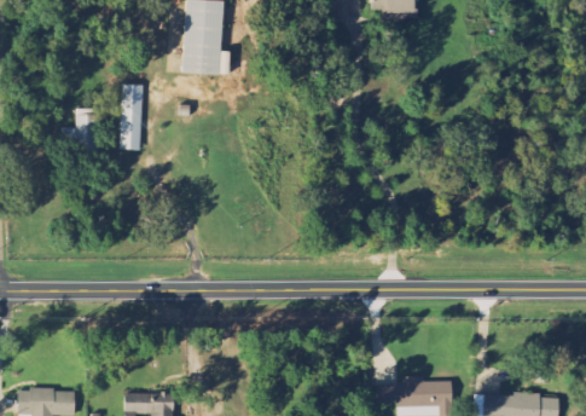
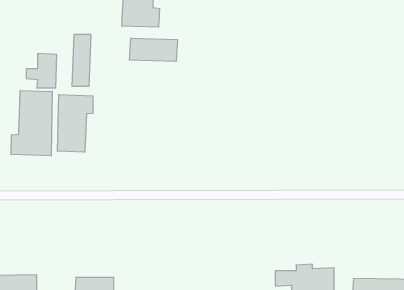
building: none -> [129,38,177,62]
building: none -> [11,90,52,156]
building: none -> [57,94,93,152]

